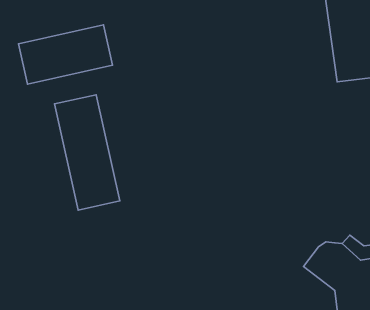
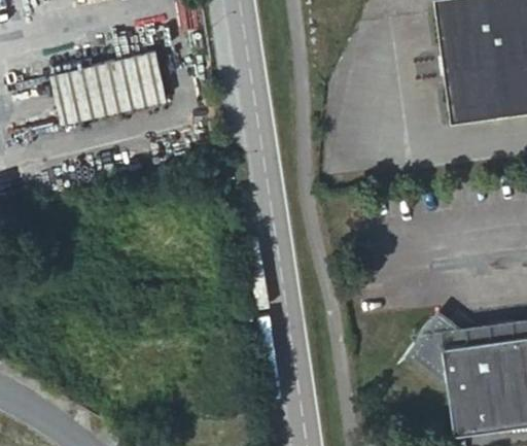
building: [55,95,120,210] -> none

